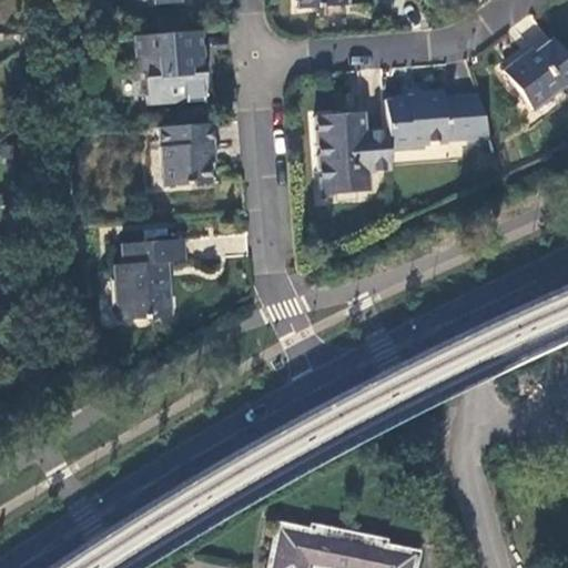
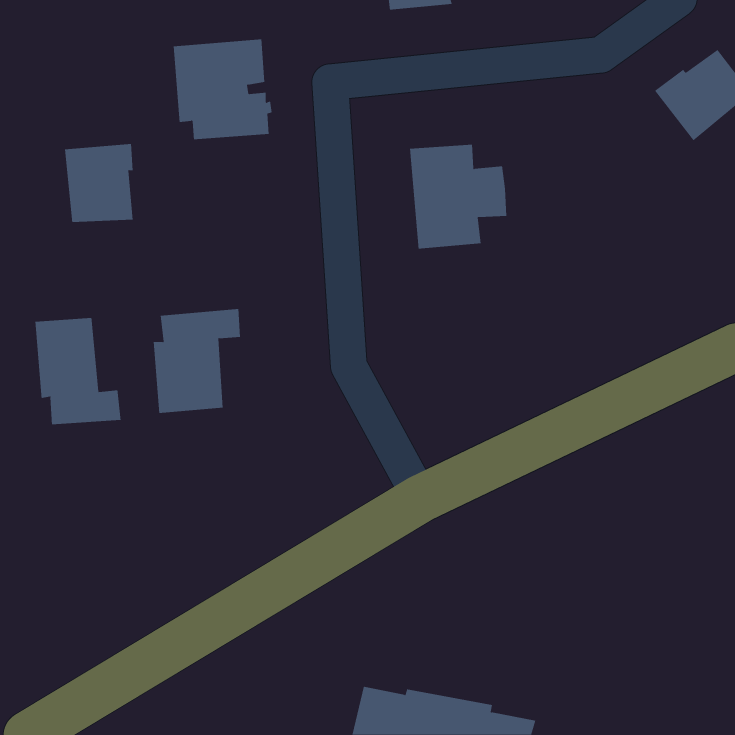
building: [386,90,490,145] -> none
building: [161,123,214,184] -> [64,143,133,223]
building: none -> [35,317,121,425]

